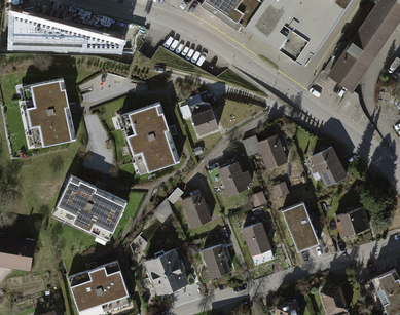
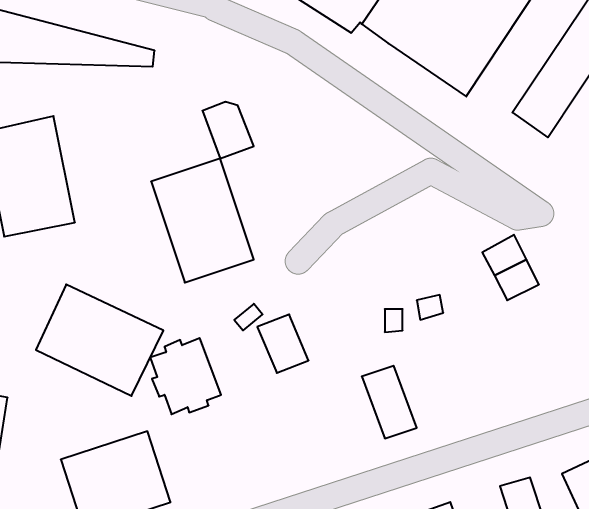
building: [188,102,218,134] -> [202,102,254,159]
building: [242,135,286,169] -> none
building: [207,159,251,195] -> none
building: [281,201,316,243] -> none
building: [334,207,368,236] -> none
building: [202,244,229,278] -> none
building: [145,249,186,293] -> [150,338,221,414]

